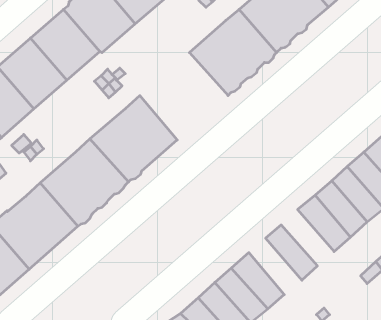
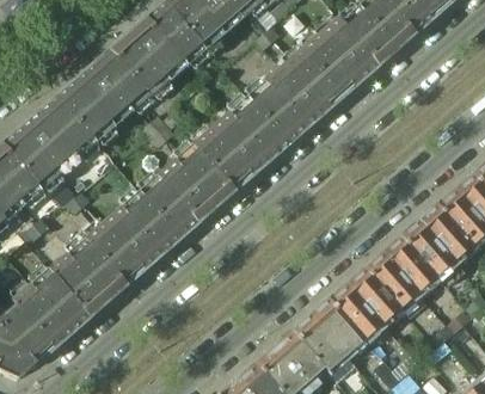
building: none -> [192,98,288,192]
building: none -> [345,267,403,328]
building: none -> [311,298,368,359]

